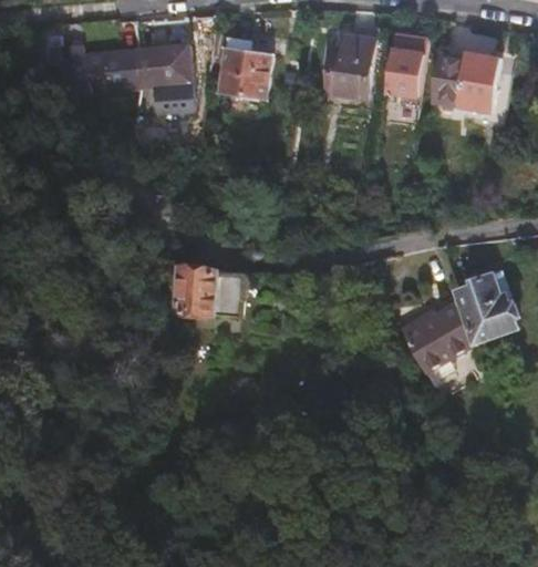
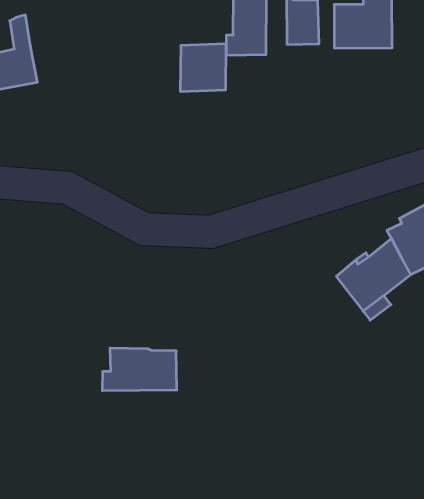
building: [218,45,271,96] -> [180,44,226,91]
building: [132,49,187,87] -> none
building: [163,265,242,317] -> [102,348,177,391]

